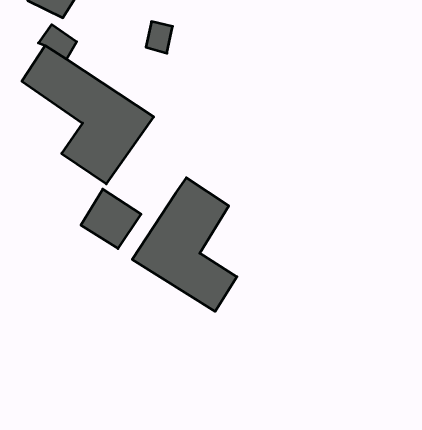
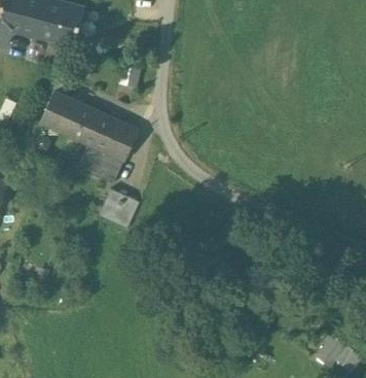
building: [132,178,237,311] -> none

